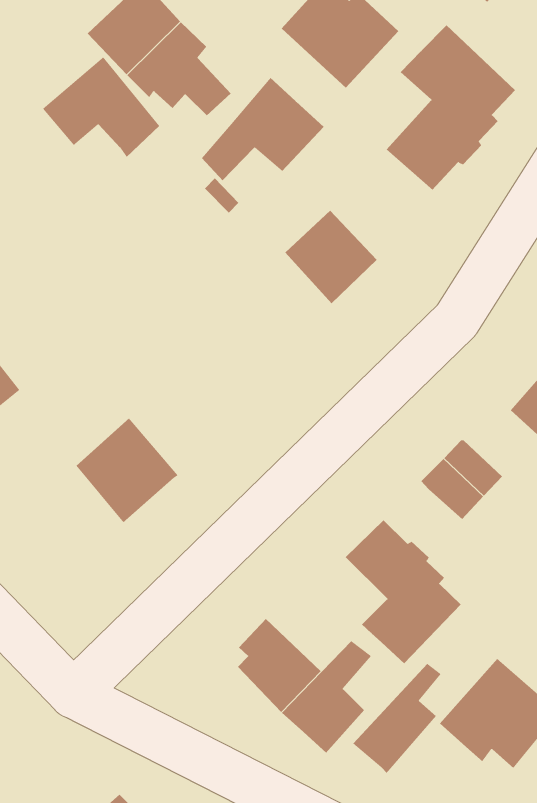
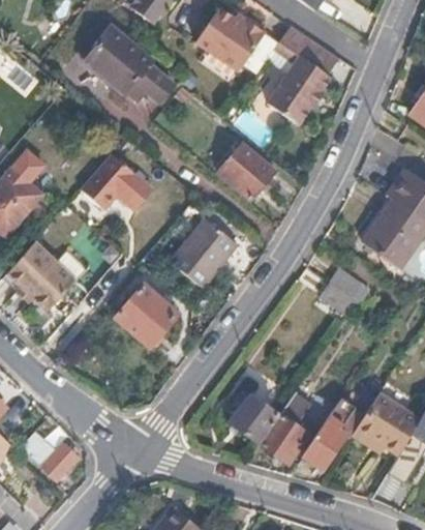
building: [42,57,160,158] -> [82,152,152,209]
building: [201,77,325,181] -> none
building: none -> [171,217,237,287]
building: [345,520,461,664] -> none

